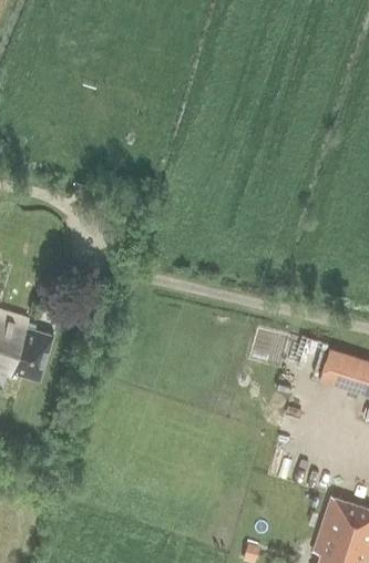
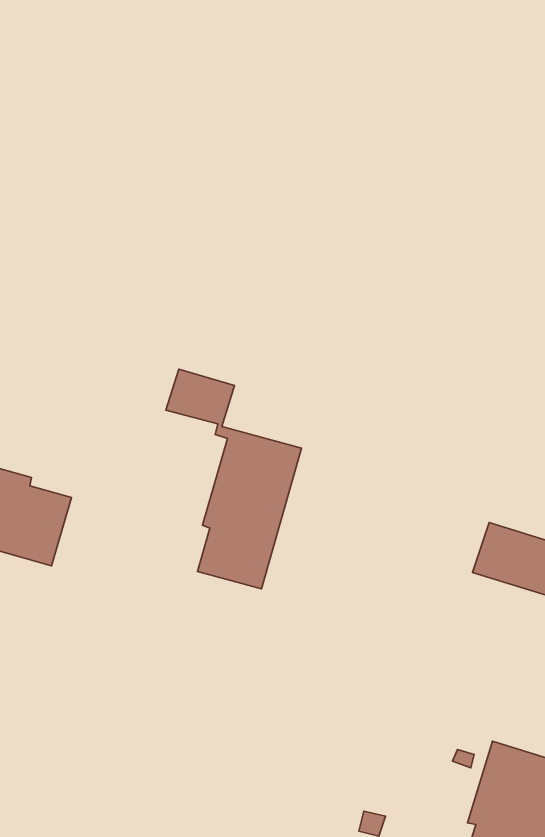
building: none -> [166,369,301,589]

